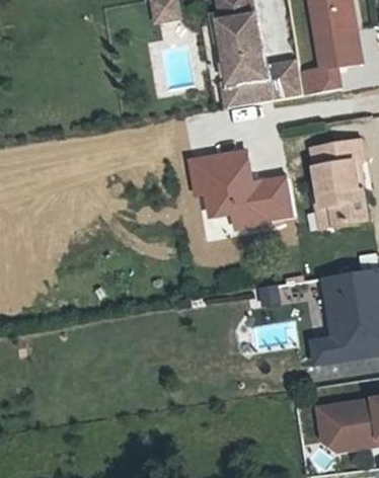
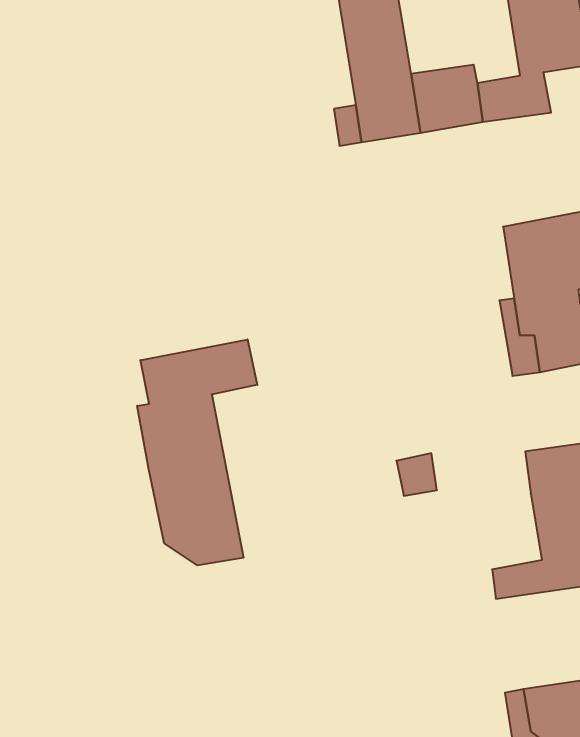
building: [184,144,284,222] -> none
building: none -> [137,339,257,565]

